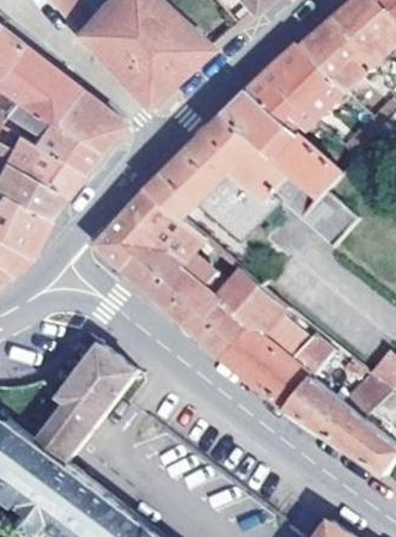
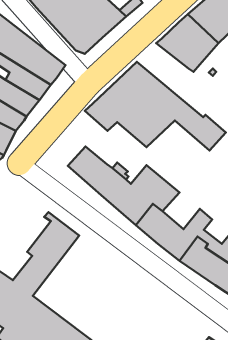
building: [224,87,343,196] -> none
building: [97,187,203,268] -> none
building: [262,307,317,361] -> none

